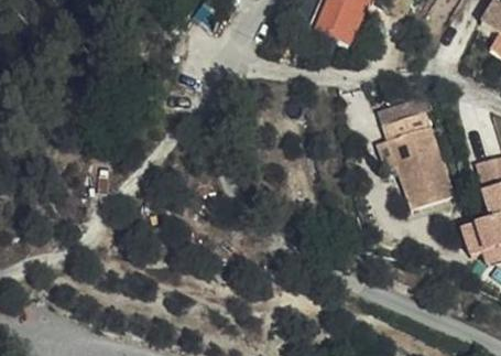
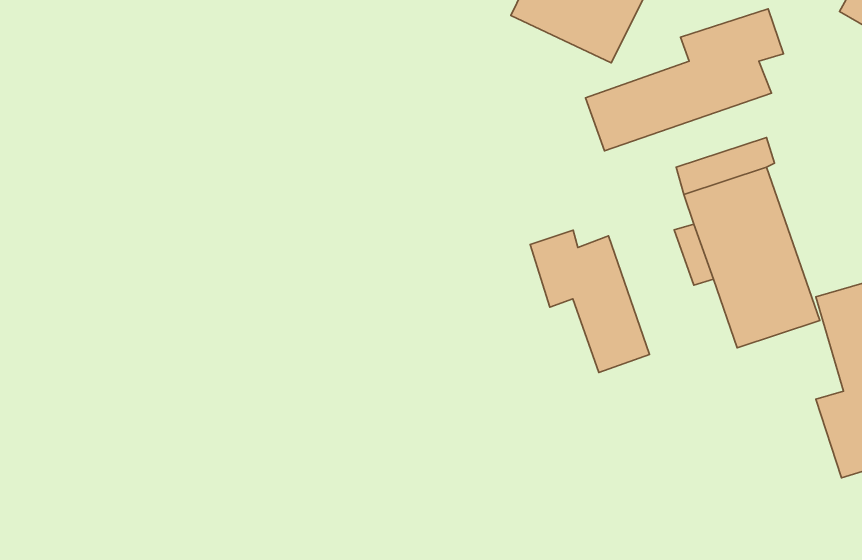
building: none -> [585,9,783,151]
building: none -> [530,230,650,373]

